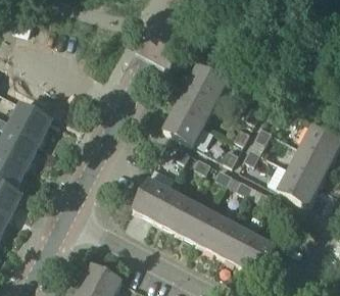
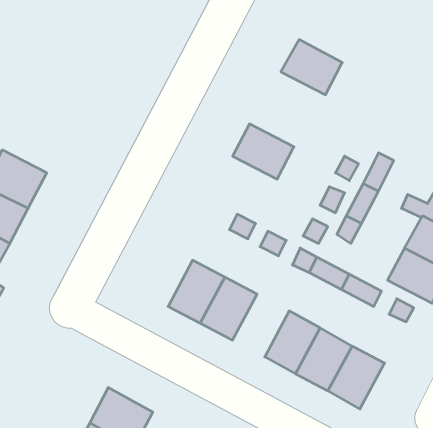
building: [186,63,227,100] -> [281,40,342,95]
building: [163,106,204,143] -> none
building: [175,190,212,240] -> none

